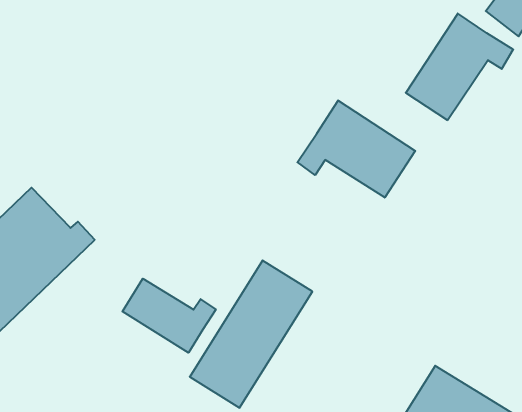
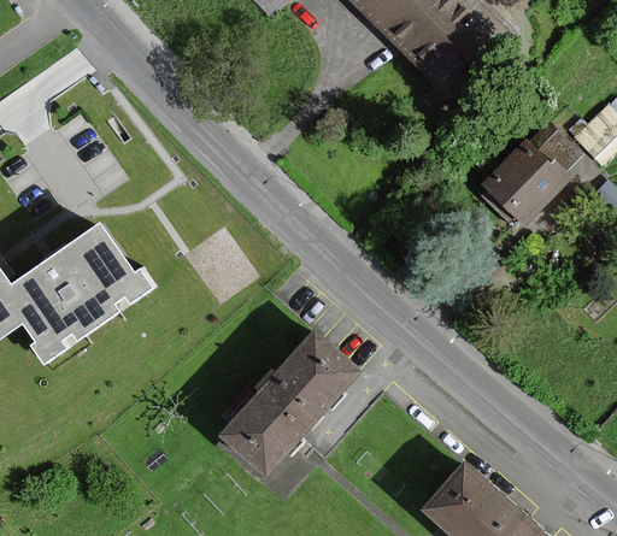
building: [297,100,415,198] -> none
building: [122,279,216,353] -> none

